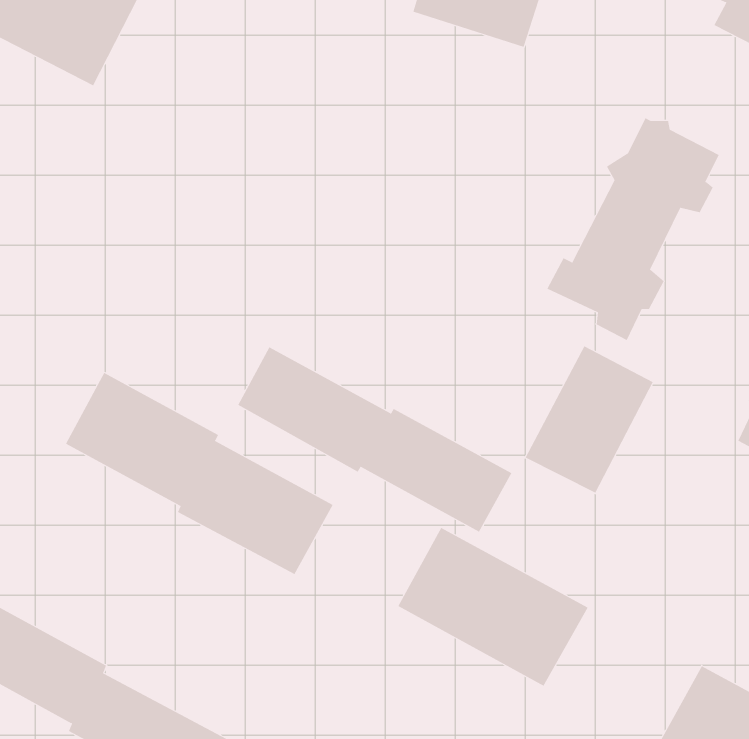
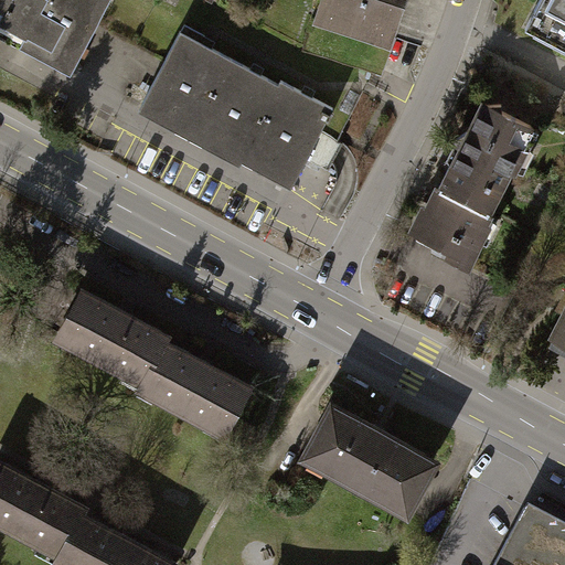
building: none -> [138,33,331,185]
building: [525,346,653,494] -> none
building: [238,346,512,532] -> none

